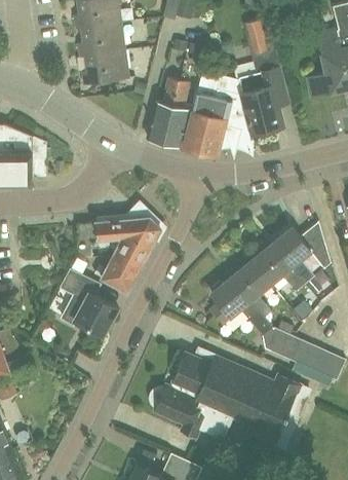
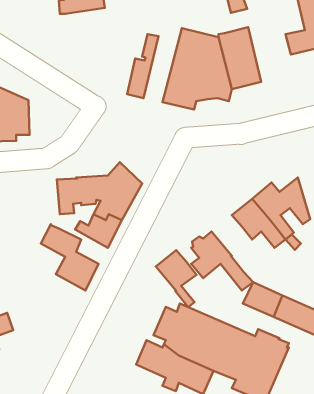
building: [81,50,128,85] -> none
building: [163,79,189,146] -> none
building: [232,260,273,318] -> [156,250,196,307]

